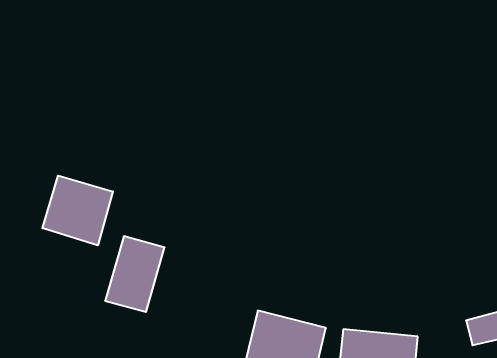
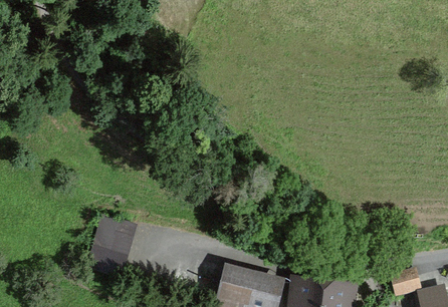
building: [42,176,113,245] -> none

